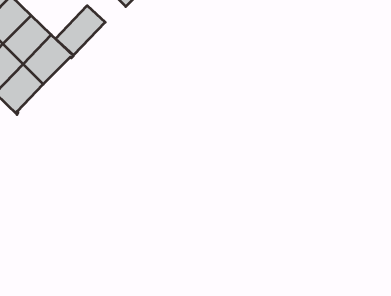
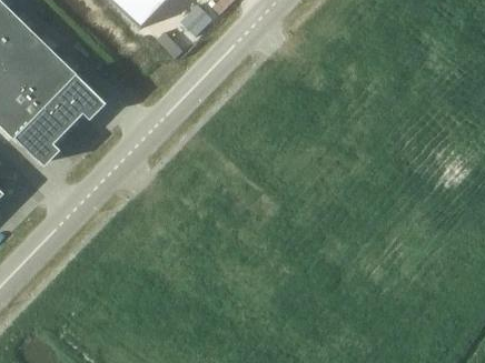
building: [55,6,105,55] -> none

